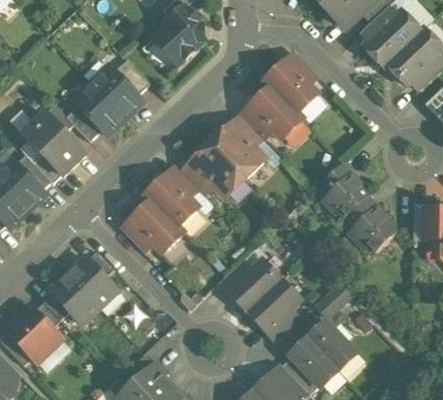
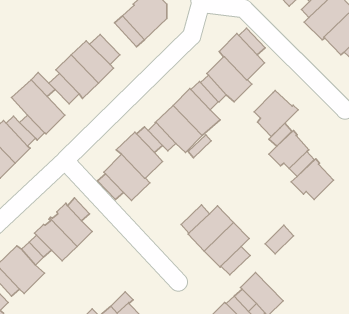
building: none -> [254,91,298,136]
building: [307,320,356,370] -> none

